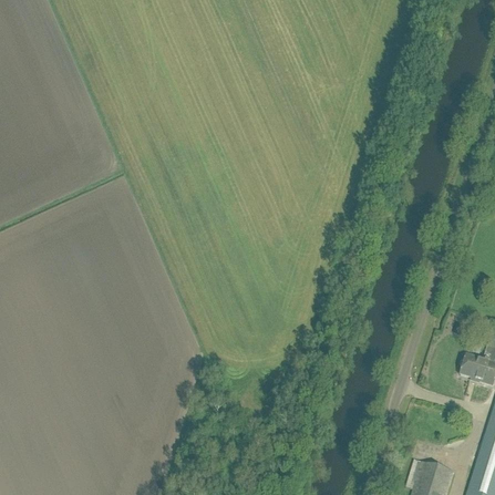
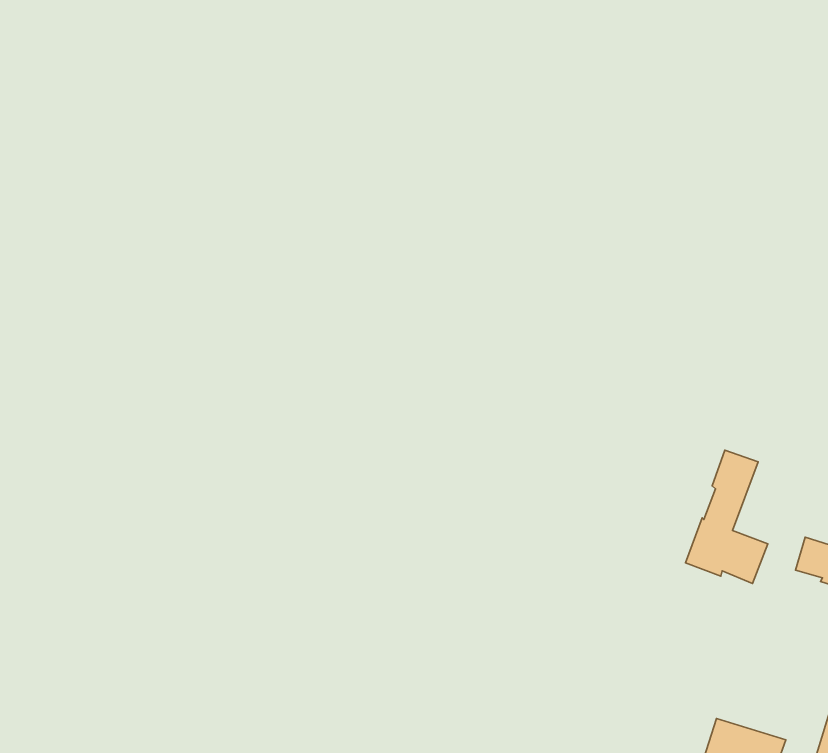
building: none -> [686,450,768,583]

